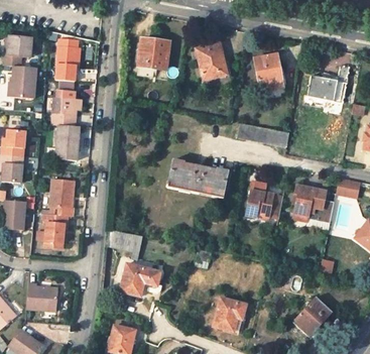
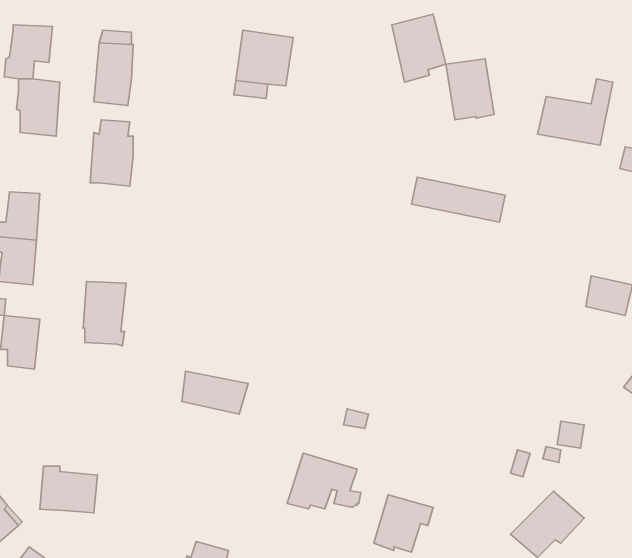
building: [195,42,225,81] -> [392,14,446,82]
building: [56,124,82,159] -> none
building: [167,160,228,199] -> none
building: [247,184,284,221] -> none
building: [292,188,334,225] -> none
building: [45,213,70,247] -> none
building: [118,265,159,297] -> [287,453,361,509]

